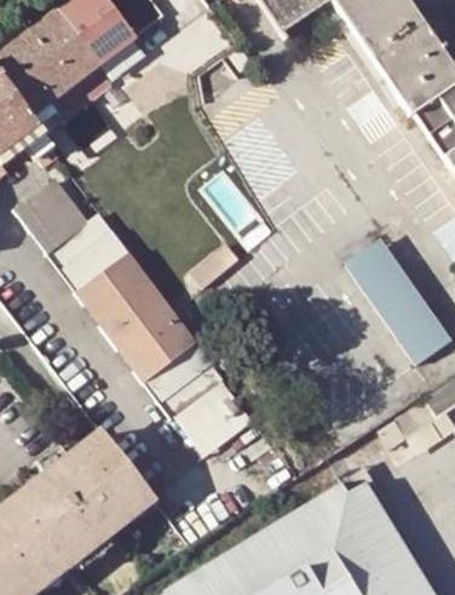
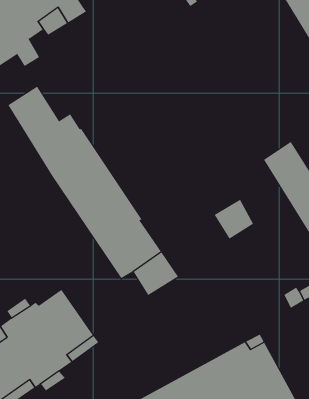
building: none -> [214,199,254,239]

